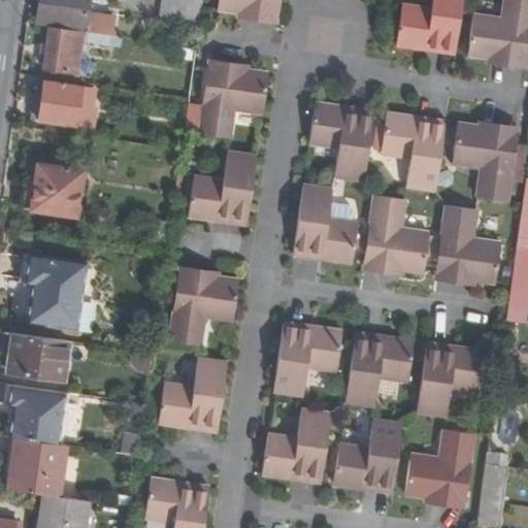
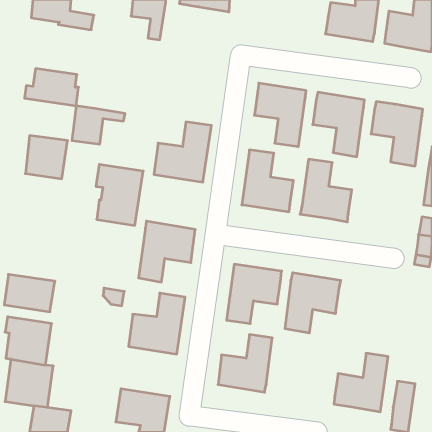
building: [43,27,108,73] -> [72,106,125,144]
building: [200,62,270,135] -> none
building: [437,205,501,282] -> none
building: [25,256,82,330] -> [96,164,143,225]
building: [419,343,486,417] -> none
building: [337,419,403,489] -> none

